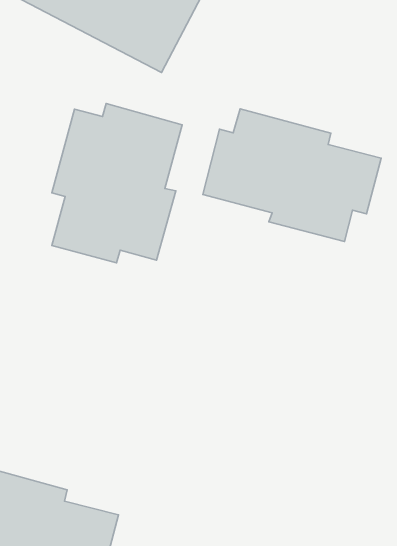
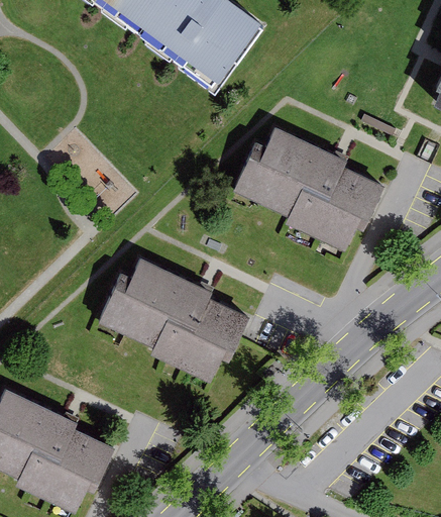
building: [52,104,182,263] -> none
building: none -> [96,257,250,384]

